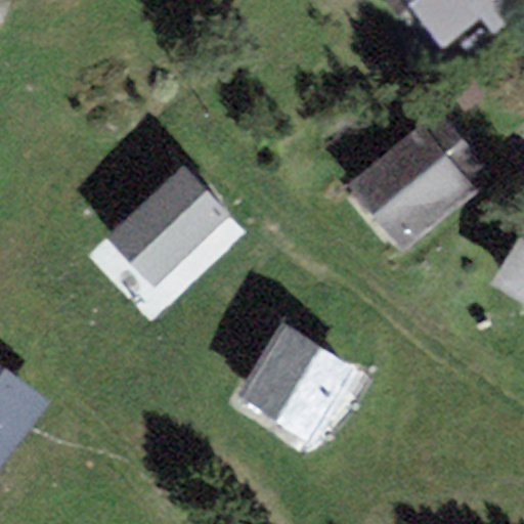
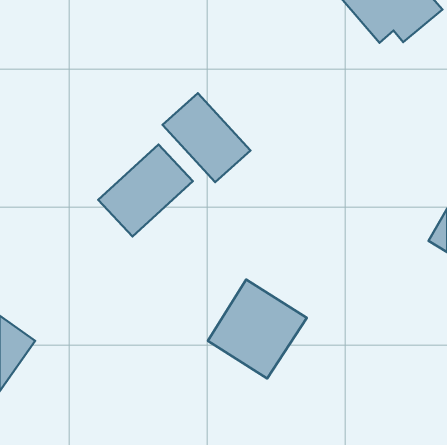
building: none -> [163,93,250,182]
building: [356,130,468,239] -> none

